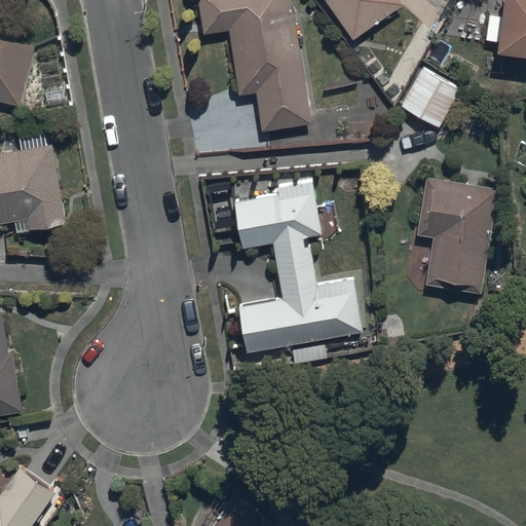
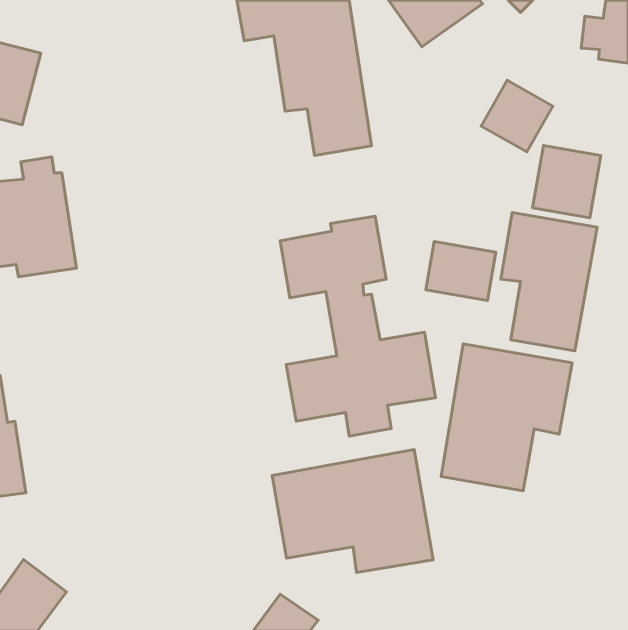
building: none -> [533,146,601,218]
building: none -> [426,241,496,300]
building: none -> [441,344,572,491]
building: none -> [272,450,433,572]

